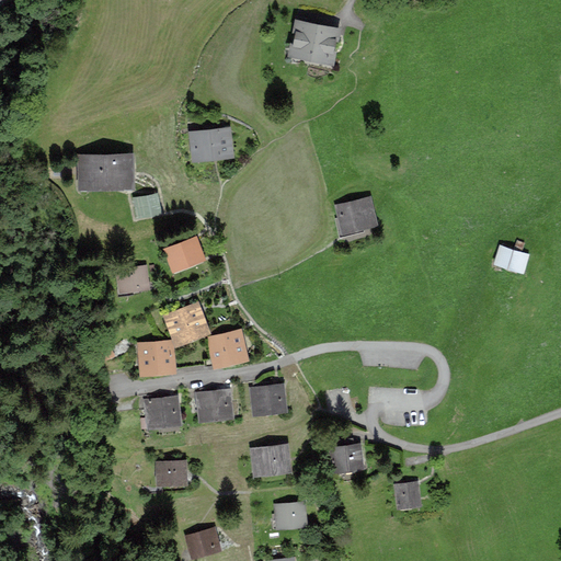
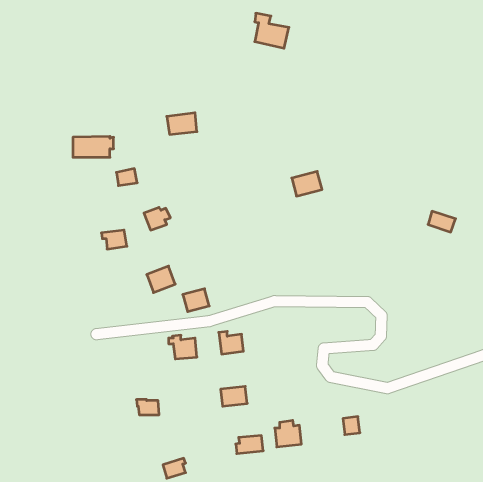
building: [144,347,171,370] -> none
building: [149,397,178,425] -> none
building: [332,440,363,471] -> [275,420,301,447]

